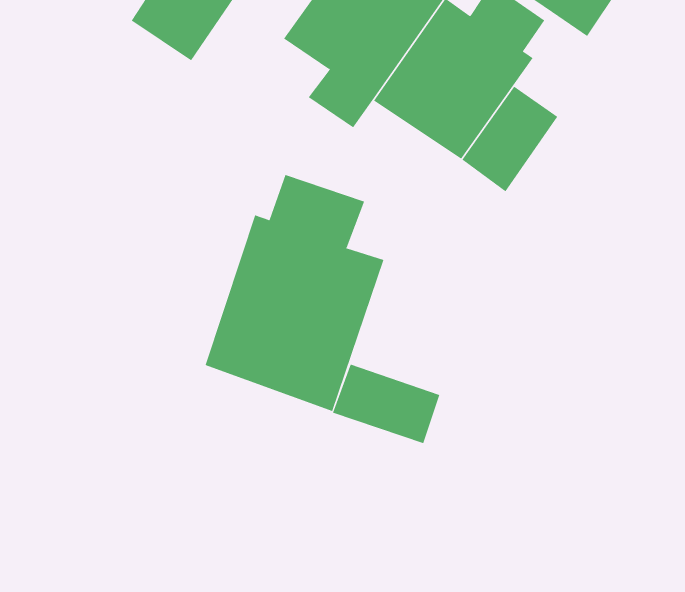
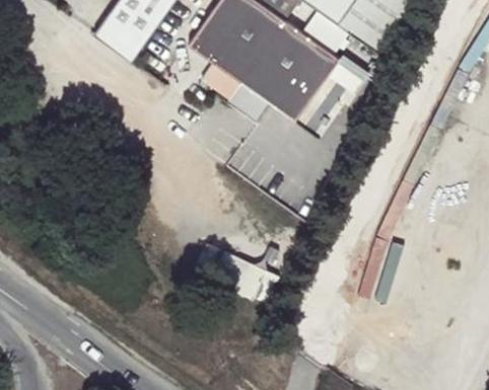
building: [205,174,384,412] -> none

